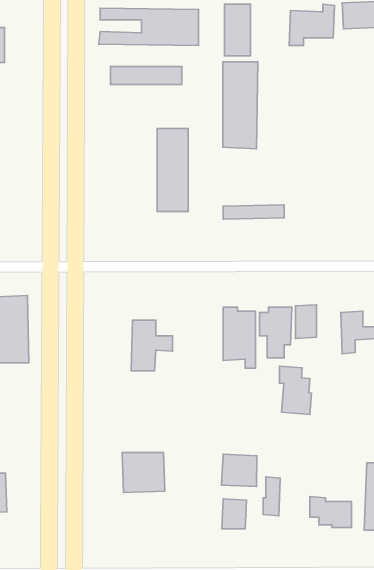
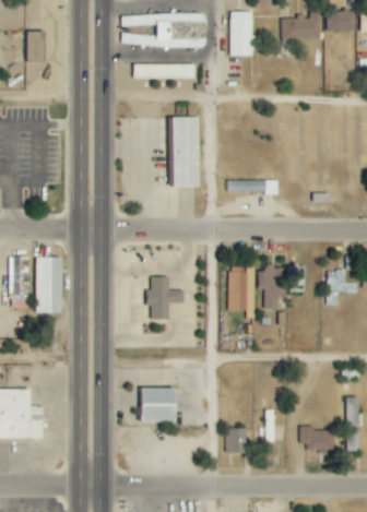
building: [223,62,258,149] -> none
building: [279,366,312,415] -> none
building: [221,454,257,487] -> none

